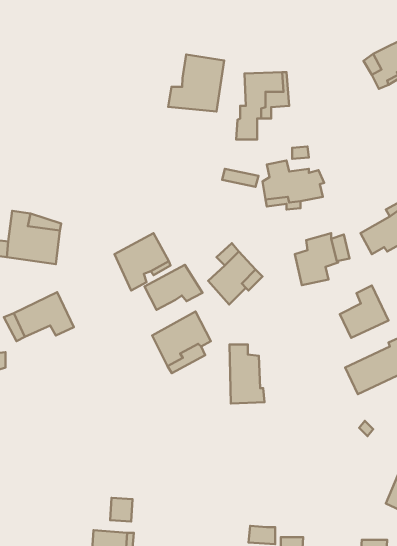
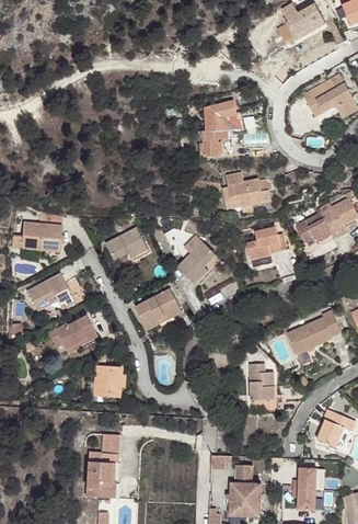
building: [168,54,224,112] -> none
building: [145,265,203,310] -> none
building: [340,285,388,338] -> none
building: none -> [47,315,96,352]
building: [230,345,264,403] -> [251,364,278,410]
building: none -> [93,365,120,397]

